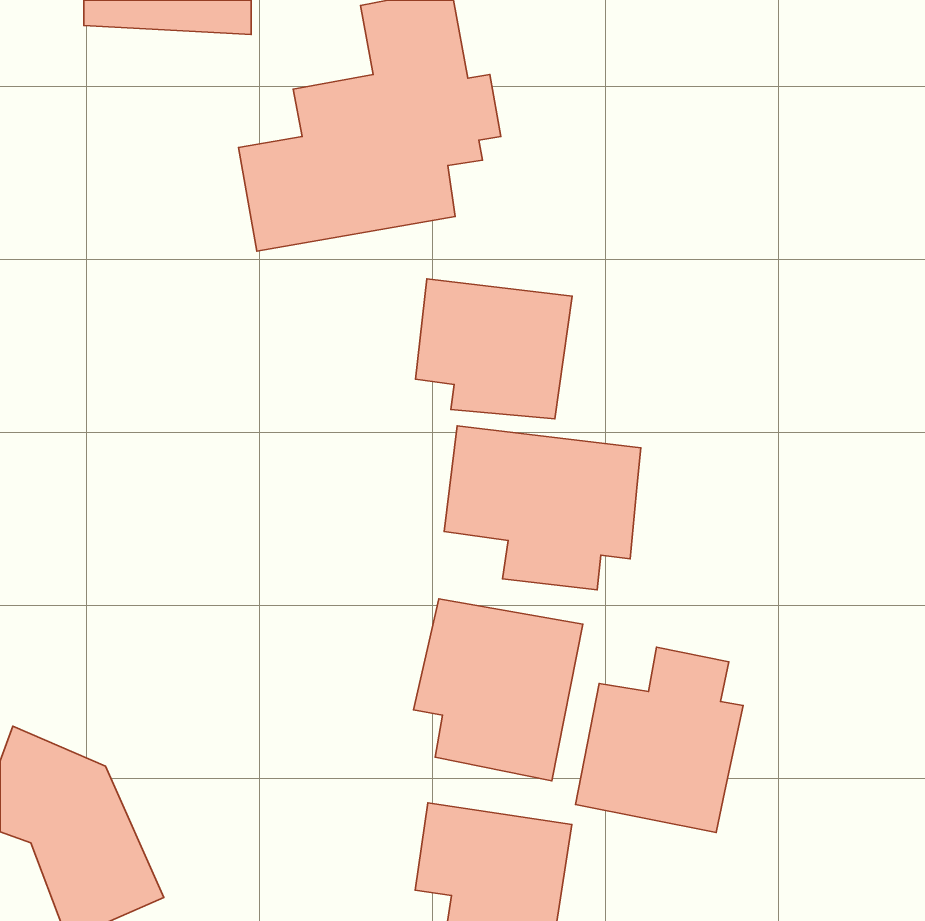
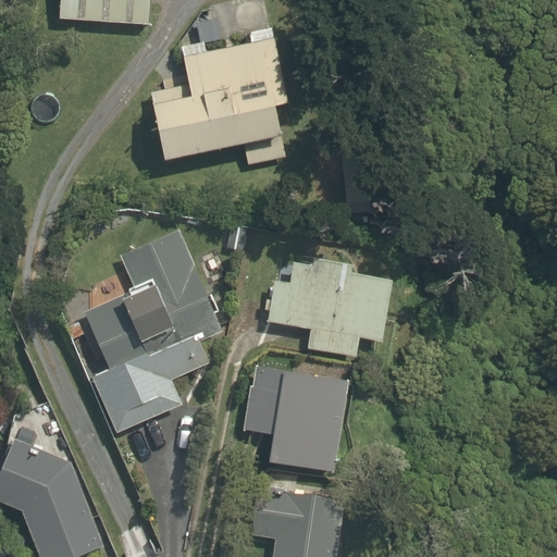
building: [415,279,572,419] -> none
building: none -> [83,234,224,434]
building: [575,647,743,832] -> none

